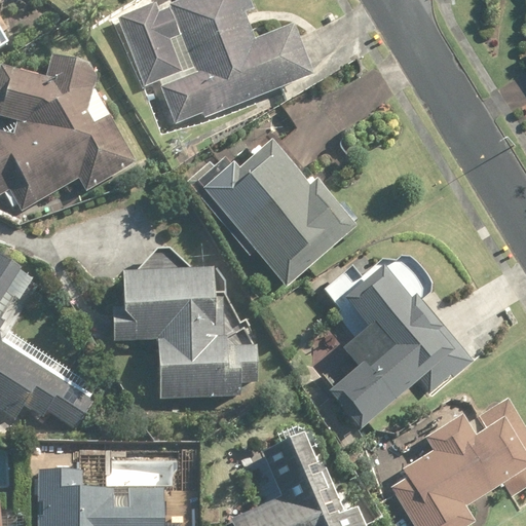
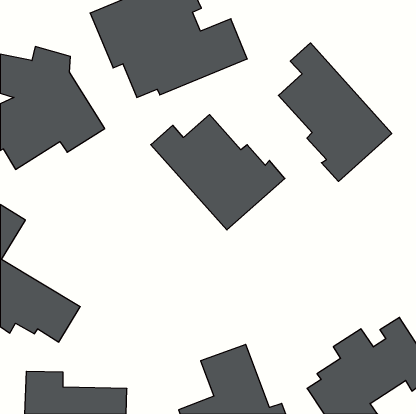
building: none -> [278,43,392,181]
building: [322,250,447,425] -> none
building: [111,272,257,398] -> none

